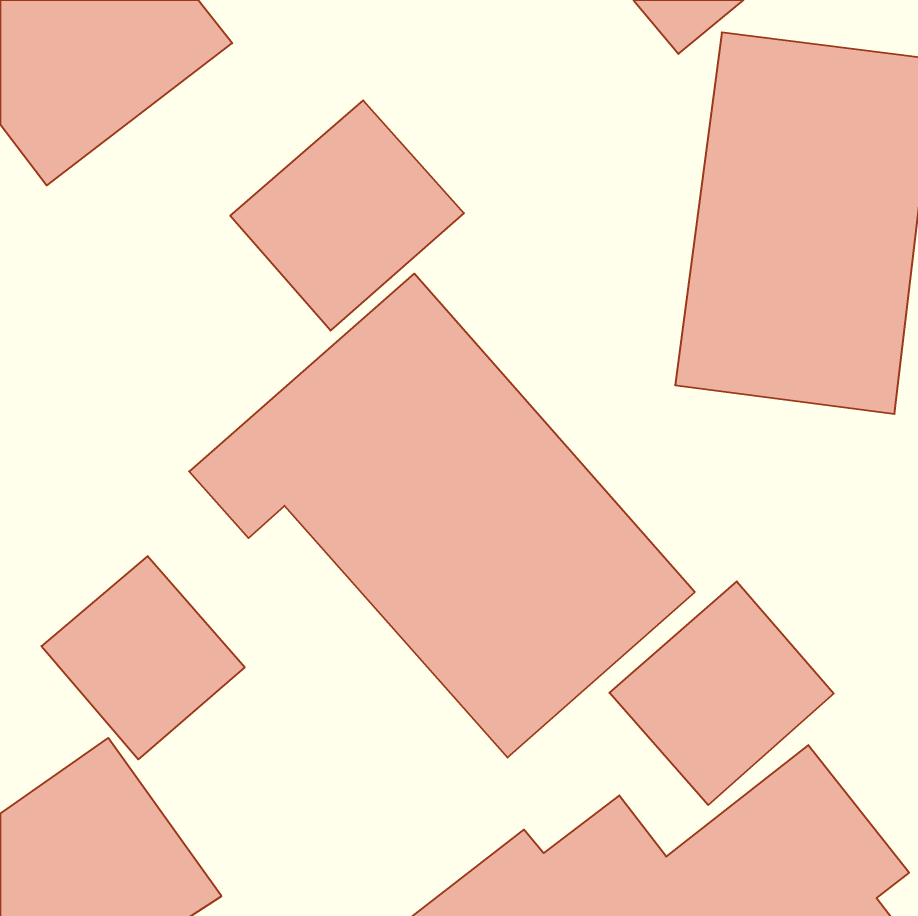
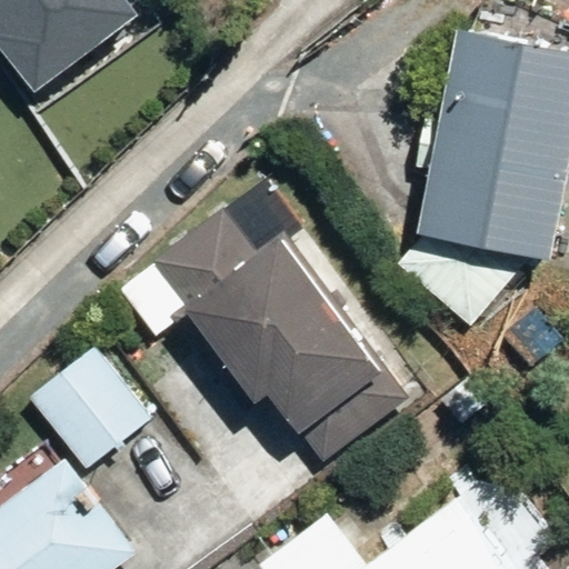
building: [230,100,464,331] -> none
building: [609,581,834,805] -> none

